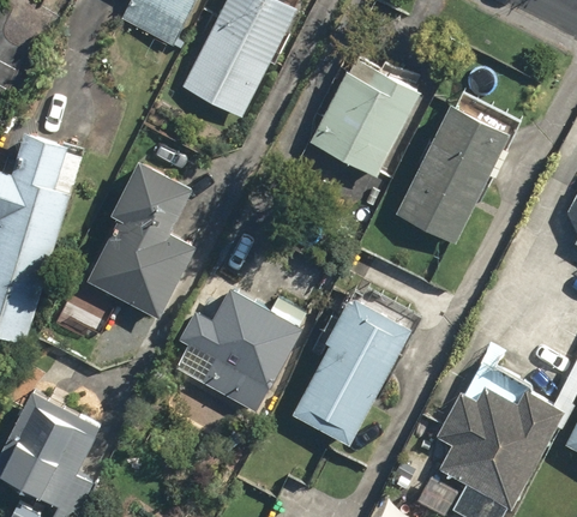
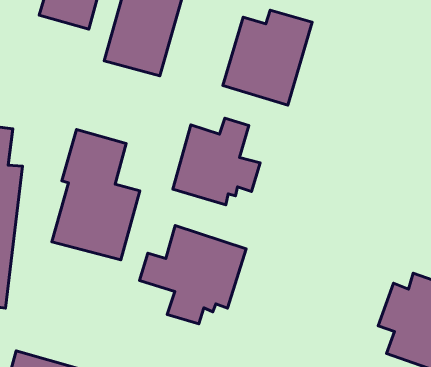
building: [398,103,509,240] -> none
building: none -> [173,118,260,205]
building: [294,296,413,446] -> none

